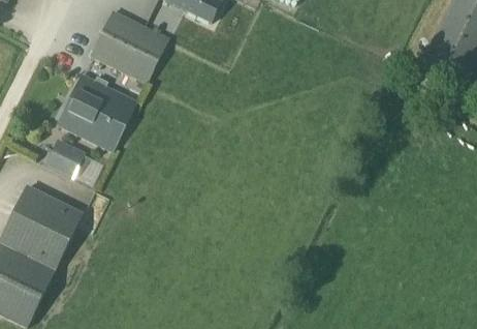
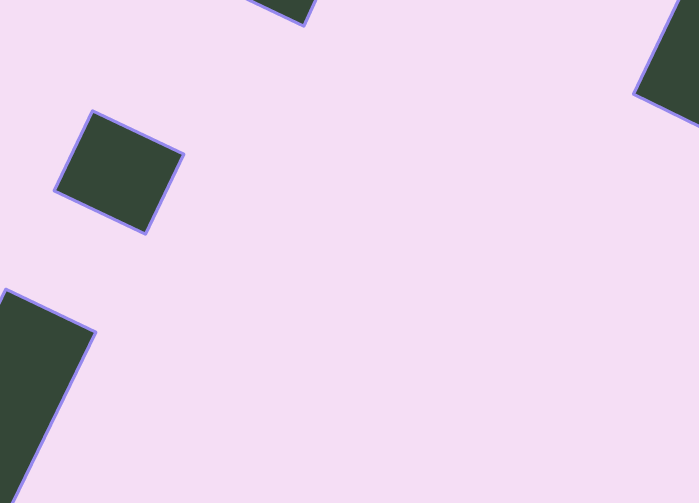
building: [92,9,169,82] -> none
building: [45,137,86,177] -> none

